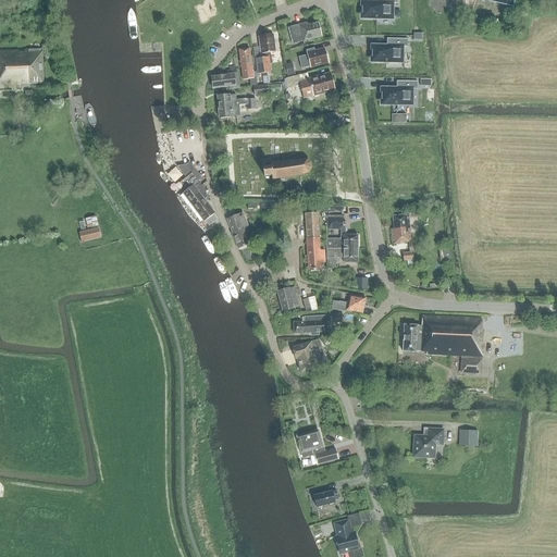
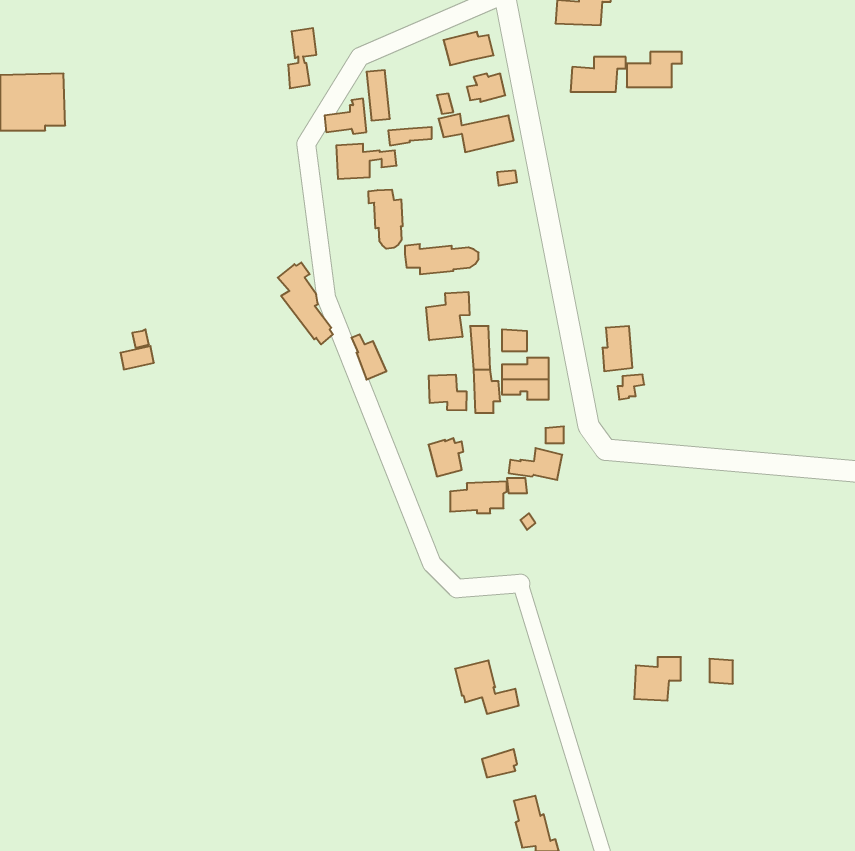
building: [256,33,274,72] -> [288,28,316,88]
building: [381,79,417,102] -> [627,52,682,87]
building: none -> [368,190,403,249]
building: none -> [426,292,470,340]
building: none -> [429,375,466,410]
building: [401,314,483,371] -> none
building: [293,338,326,370] -> none

